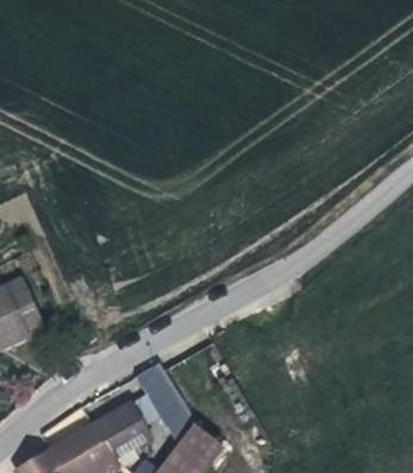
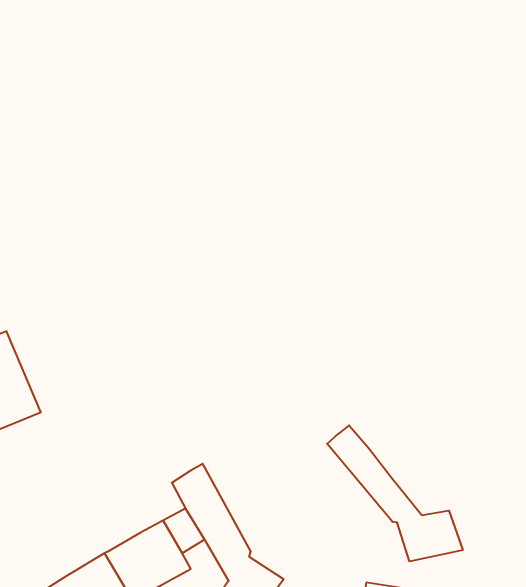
building: none -> [327,425,463,561]

